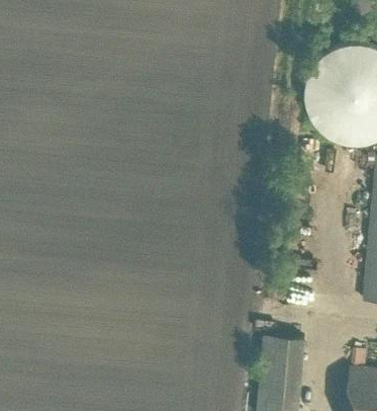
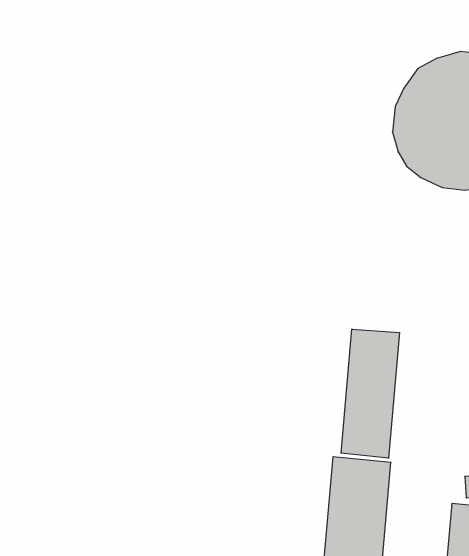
building: none -> [341,329,400,458]

